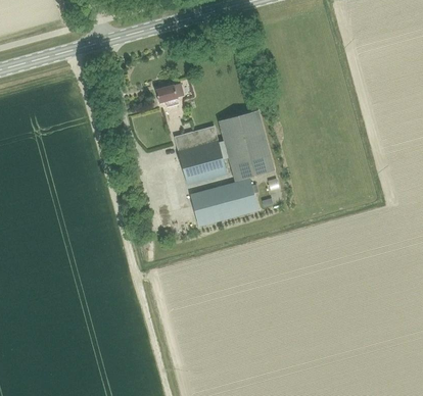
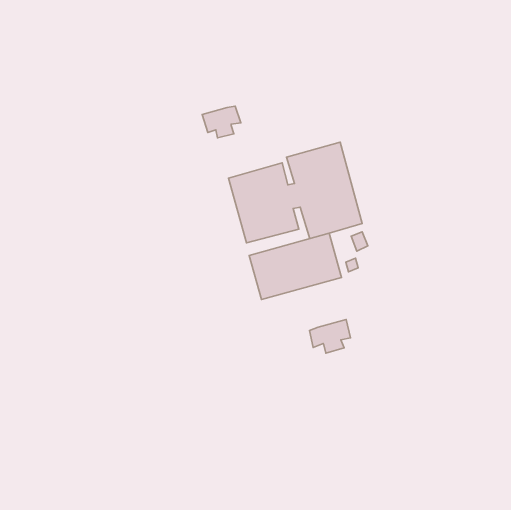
building: none -> [309,320,351,353]

